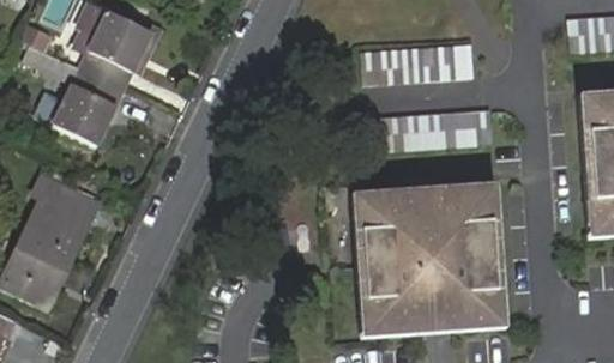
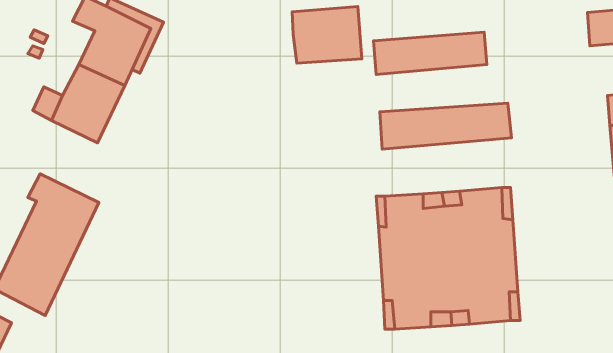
building: none -> [292,6,362,63]

